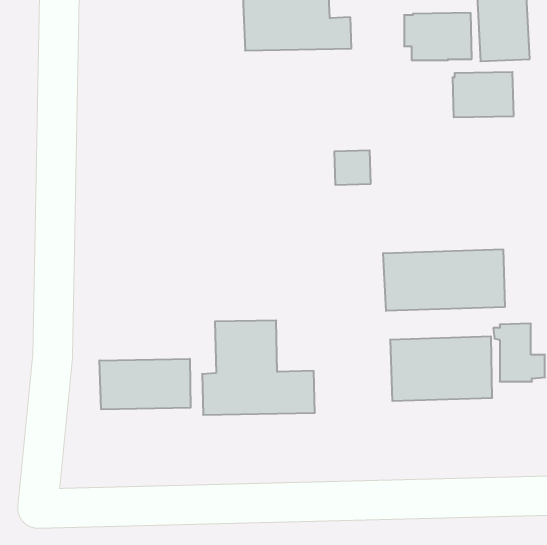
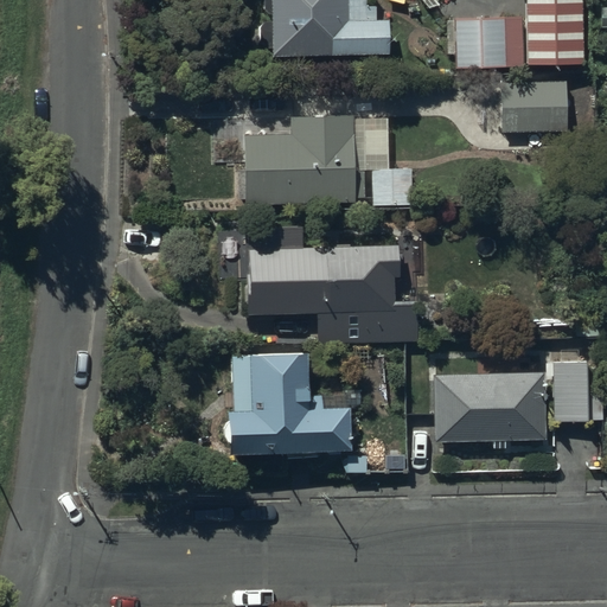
building: none -> [244,113,356,204]
building: none -> [243,242,422,340]
building: [383,249,505,311] -> none
building: [99,359,191,409] -> none

